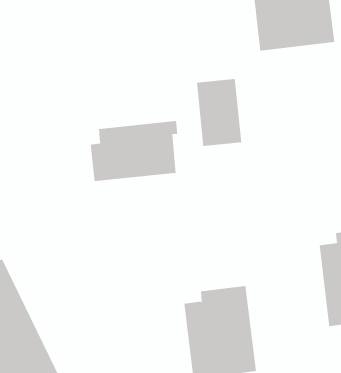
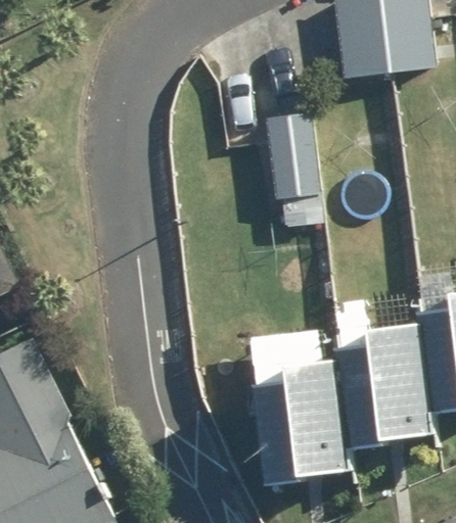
building: [90,120,178,182] -> none
building: none -> [334,330,426,454]

